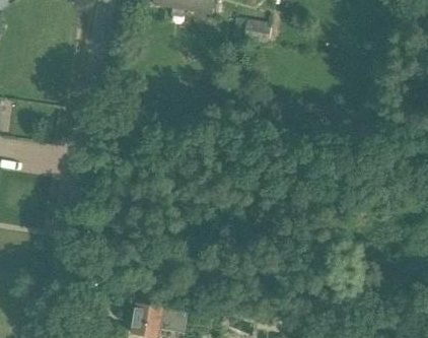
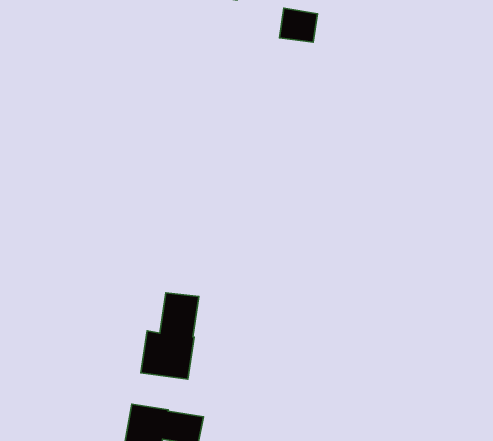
building: none -> [141,293,199,379]

